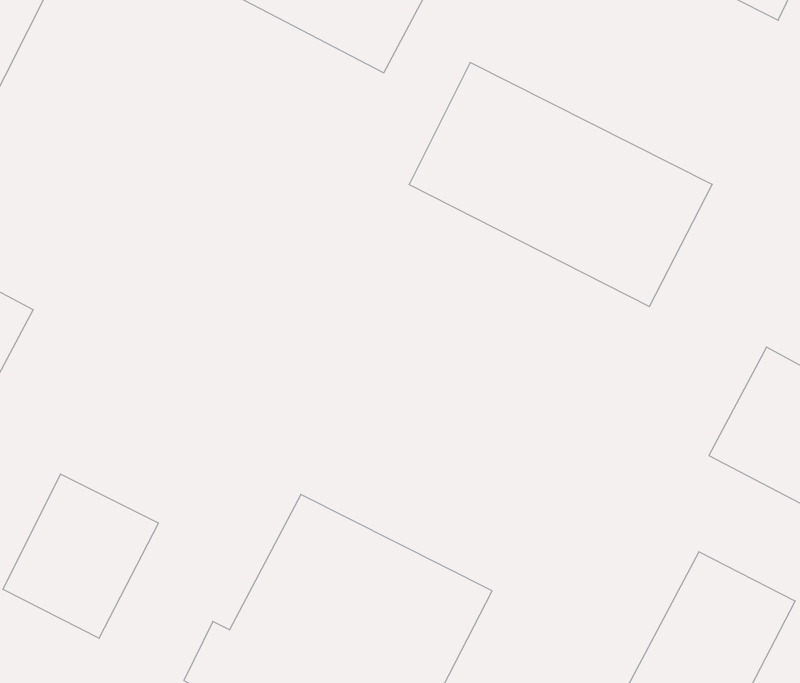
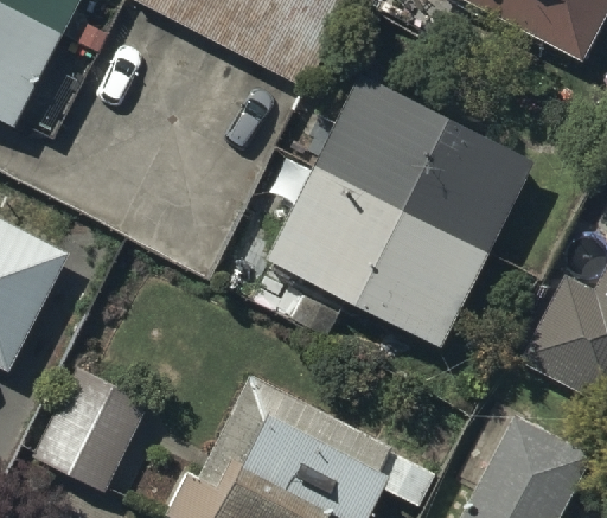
building: none -> [275,167,490,343]

